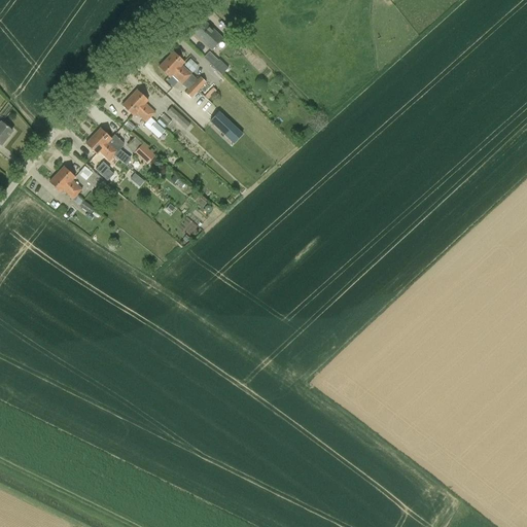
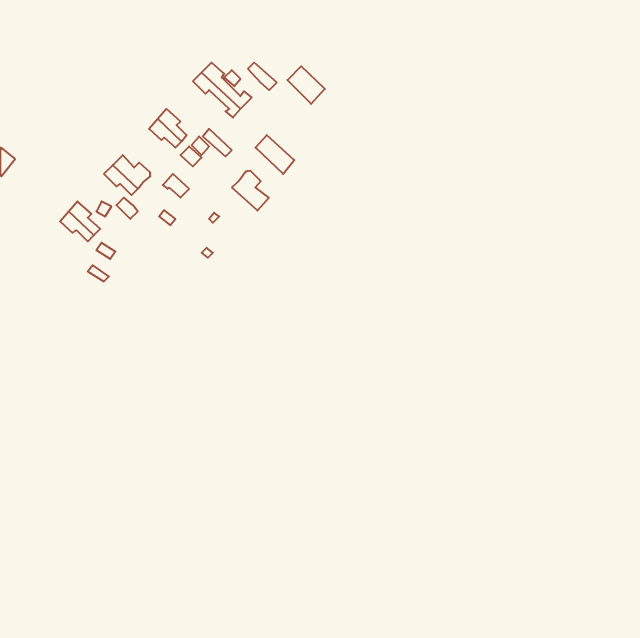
building: [191,20,222,50] -> [287,66,325,104]
building: none -> [232,171,269,211]

